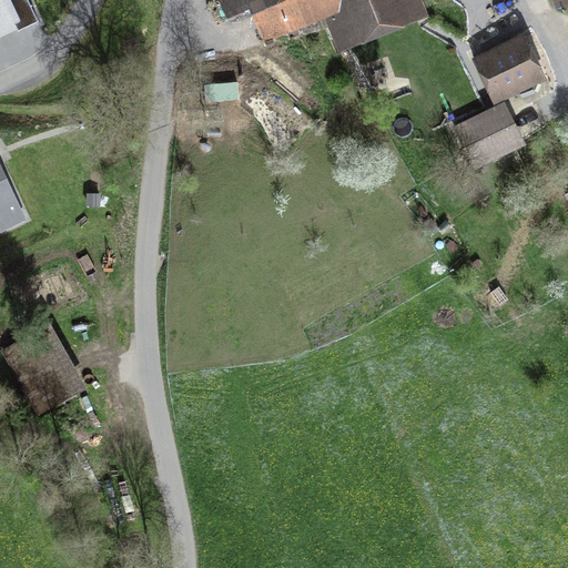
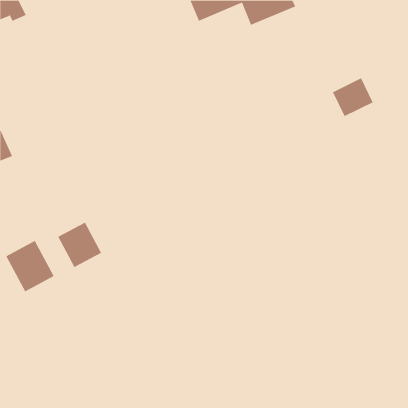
building: [473,30,549,104] -> none
building: none -> [57,222,102,268]

